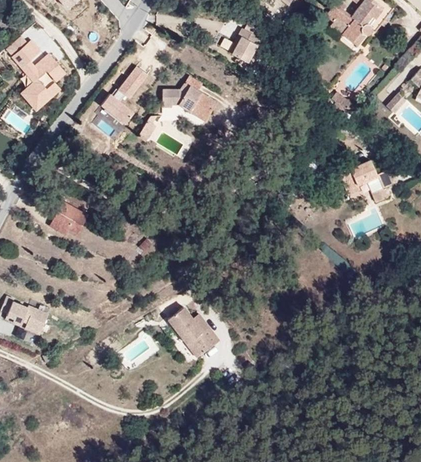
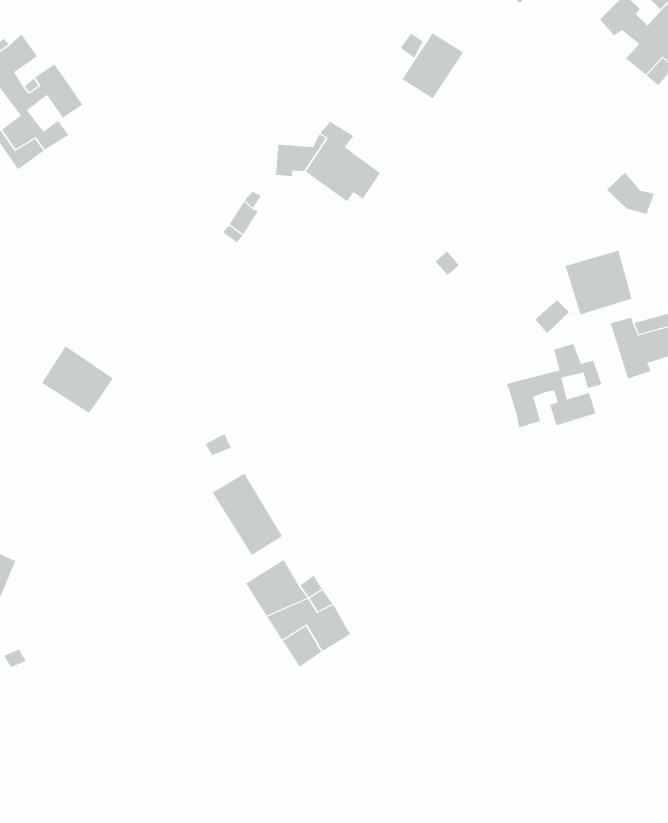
building: [103,66,151,124] -> none
building: none -> [565,250,632,315]
building: none -> [506,343,602,428]
building: none -> [212,473,283,556]

